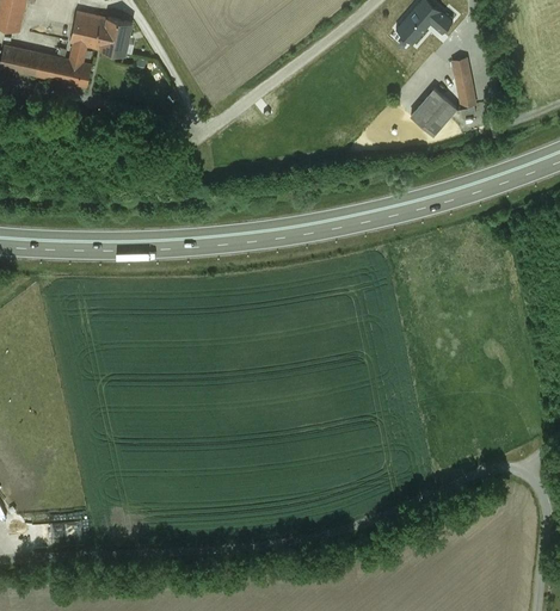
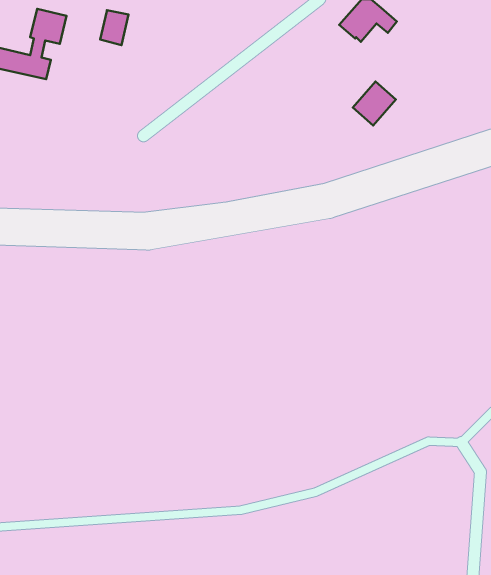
building: [101,18,131,55] -> [100,10,128,45]
building: [450,57,476,107] -> none

